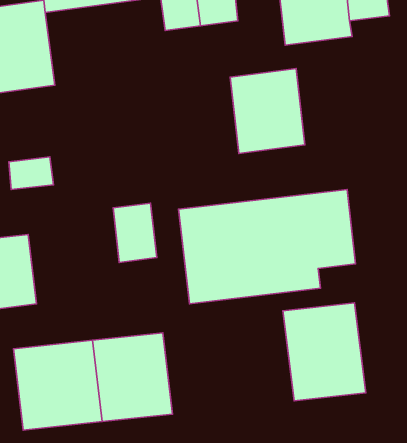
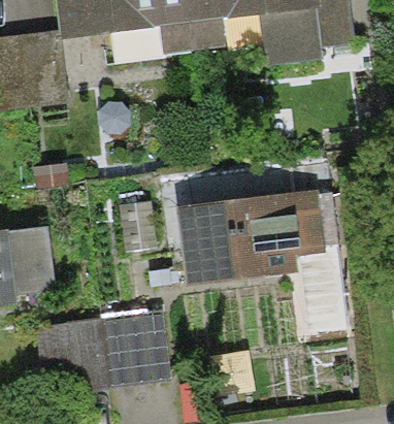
building: [230,69,305,153] -> none
building: [283,303,366,401] -> none

